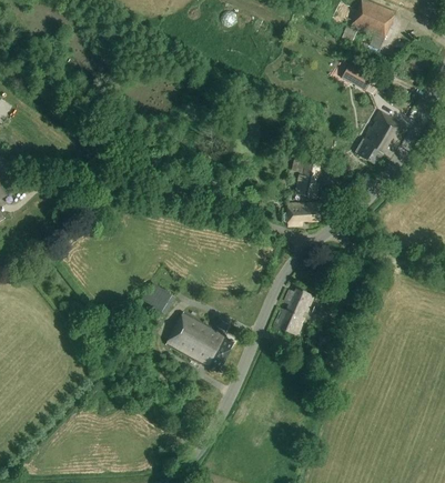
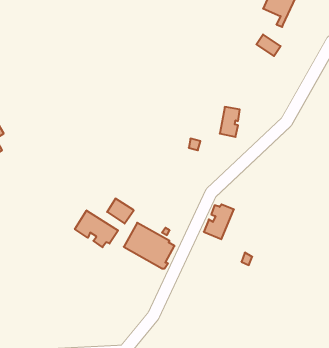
building: [354,112,405,168] -> none
building: [284,201,318,225] -> none
building: none -> [75,210,118,247]

